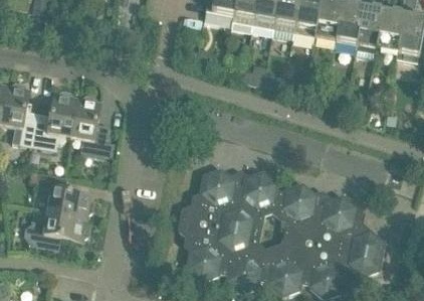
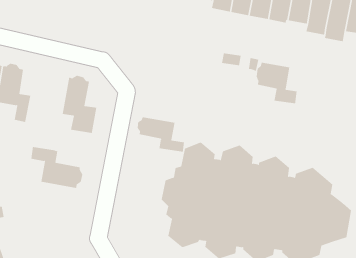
building: none -> [256,62,297,104]
building: [31,91,77,150] -> none
building: none -> [137,116,185,152]
building: [23,210,89,249] -> none

